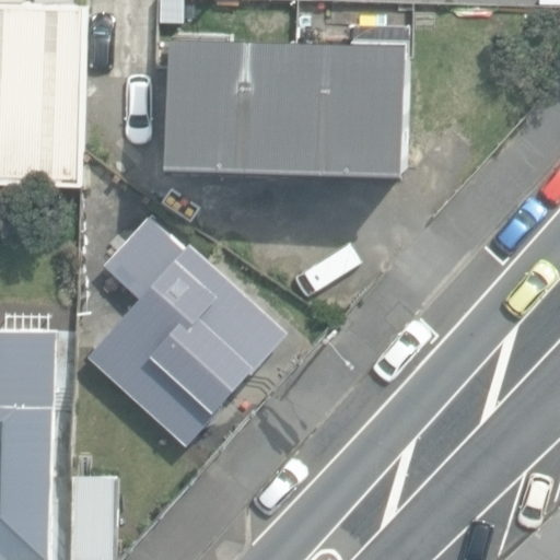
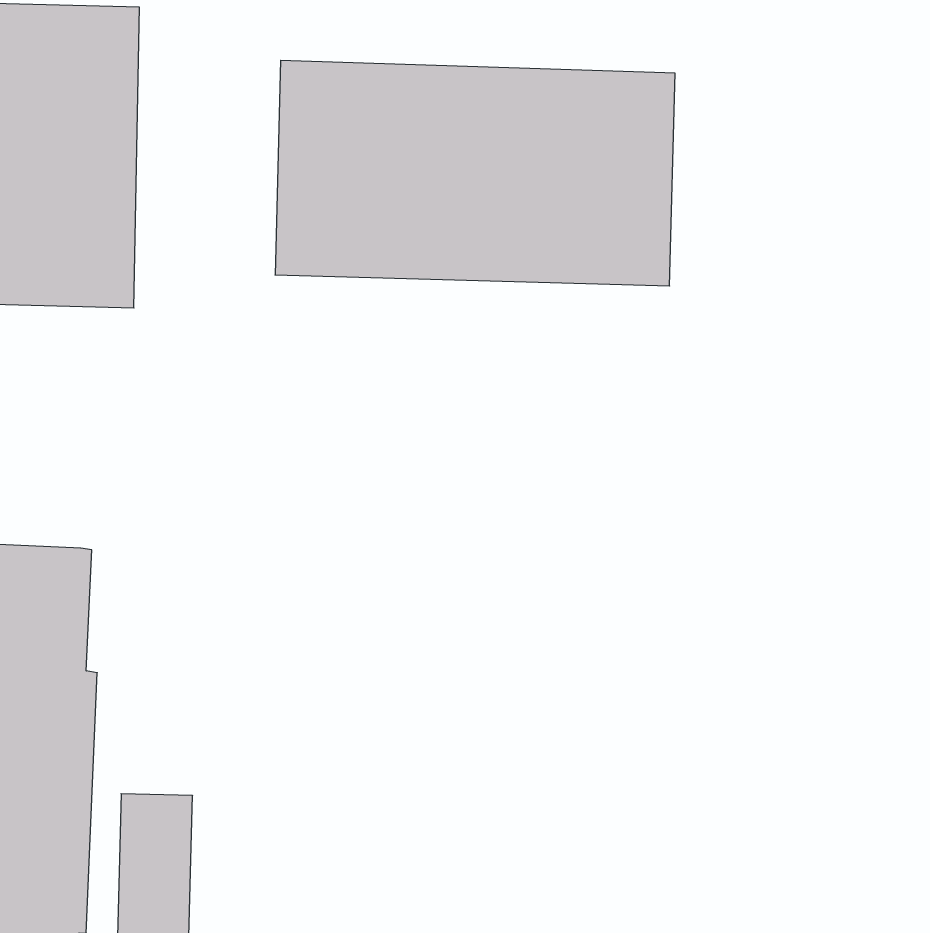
building: [88,217,287,447] -> none

